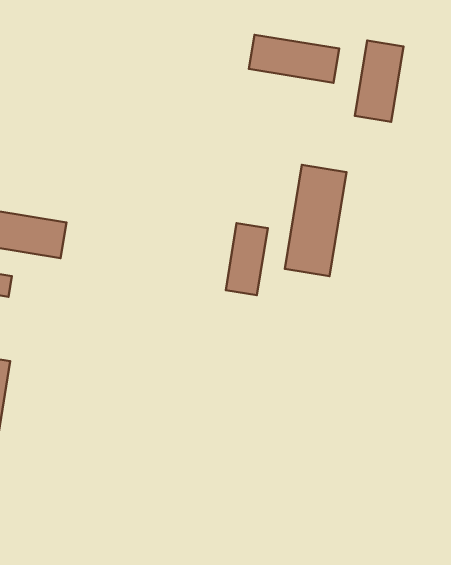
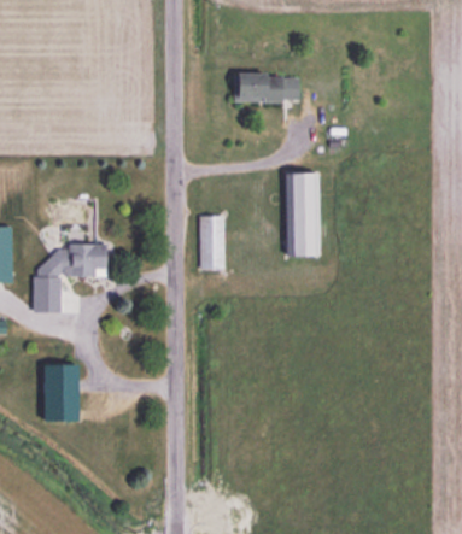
building: [355,41,404,122] -> none
building: [226,223,268,295] -> [200,216,226,270]

